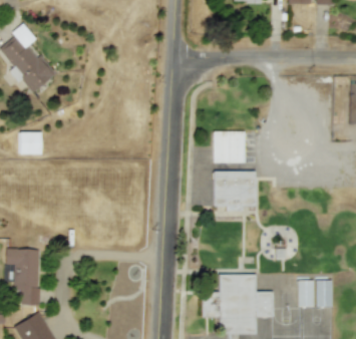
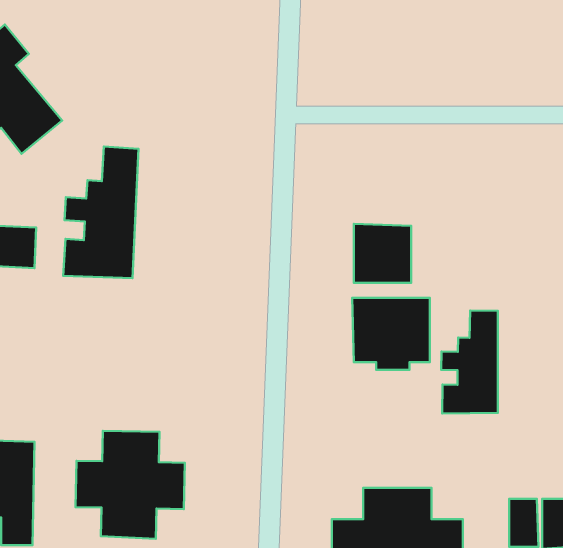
building: none -> [63,146,138,278]
building: none -> [441,310,498,413]
building: none -> [76,431,185,539]

